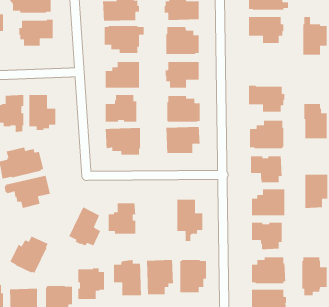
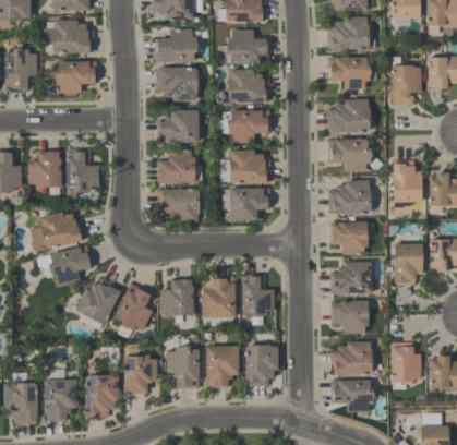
building: none -> [327,99,369,133]
building: none -> [203,276,236,317]
building: [9,235,49,274] -> [75,278,122,324]

